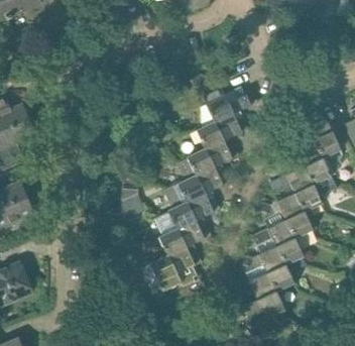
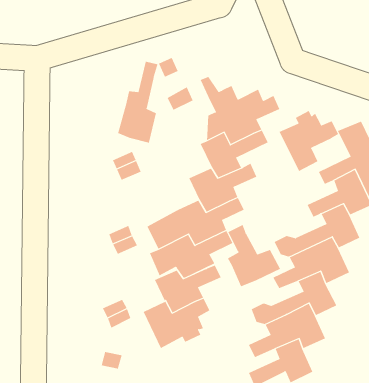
building: none -> [118,61,158,143]
building: none -> [279,110,339,172]
building: none -> [227,224,281,287]

